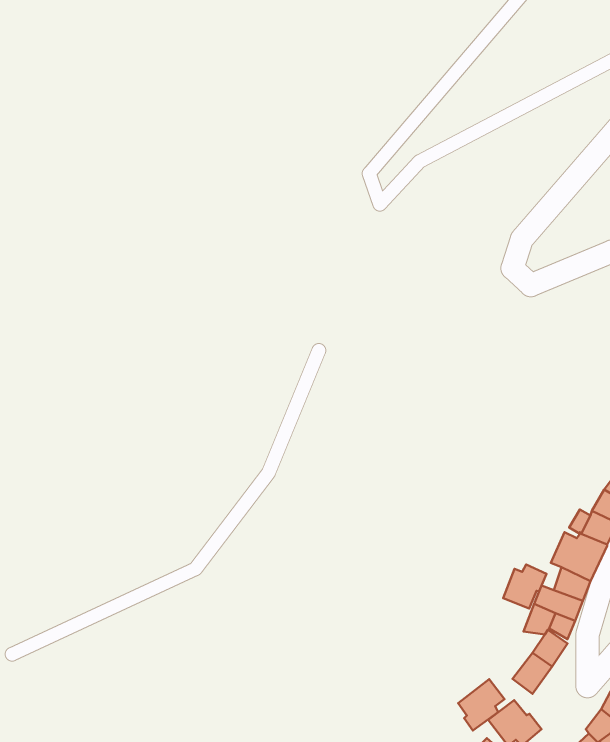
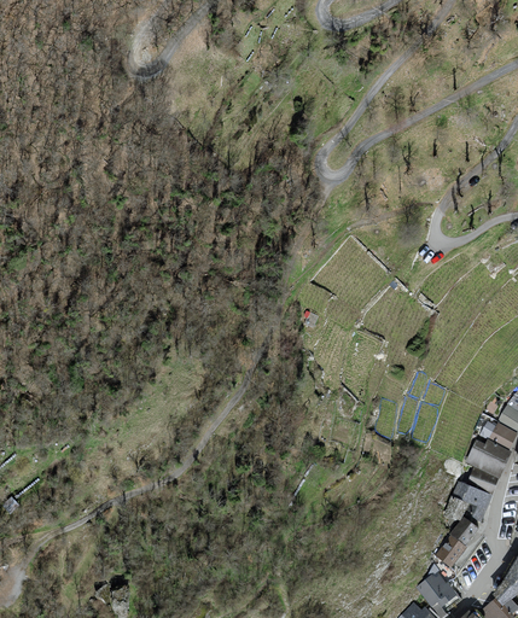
building: [503,565,546,608] -> none
building: [458,679,505,730] -> none

